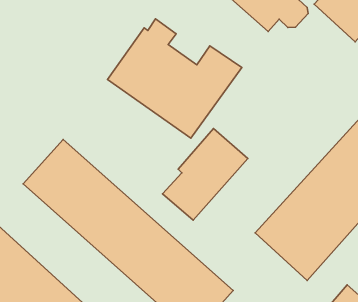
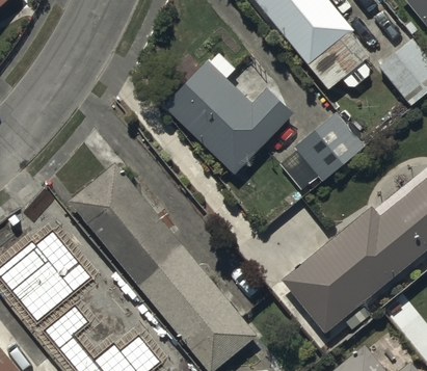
building: [163,129,248,220] -> [274,107,363,193]

